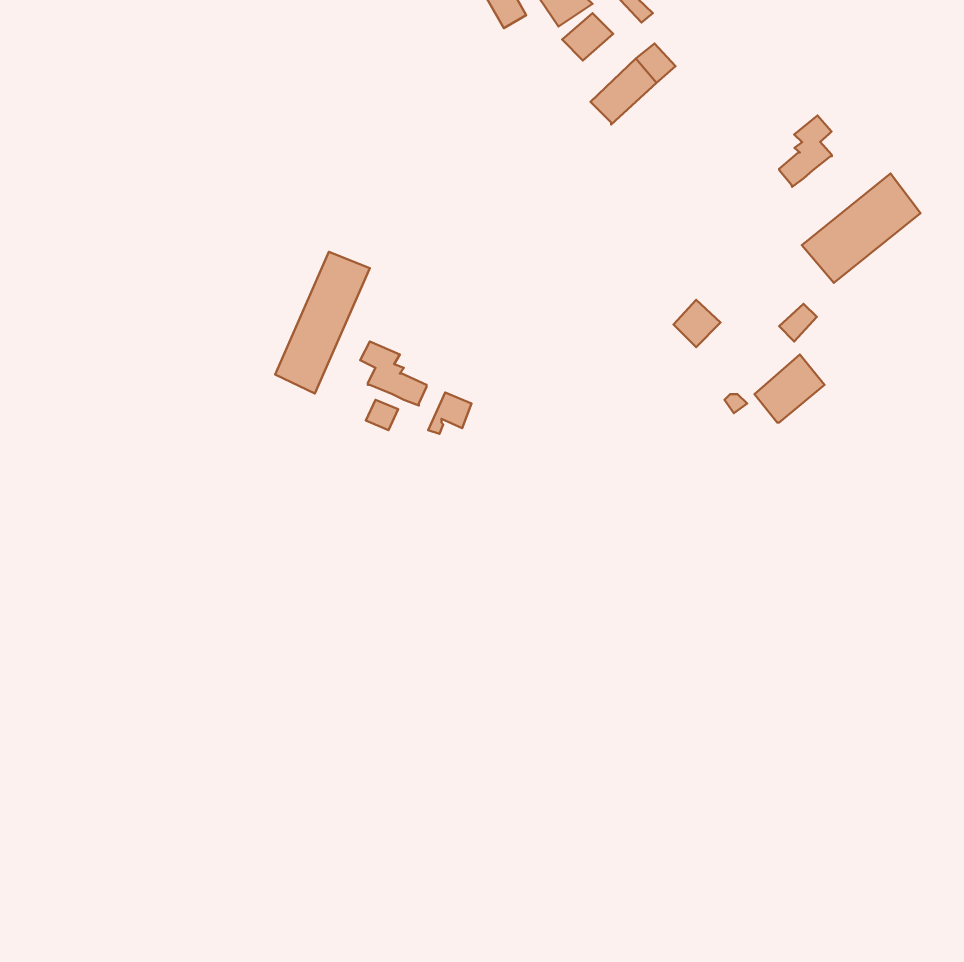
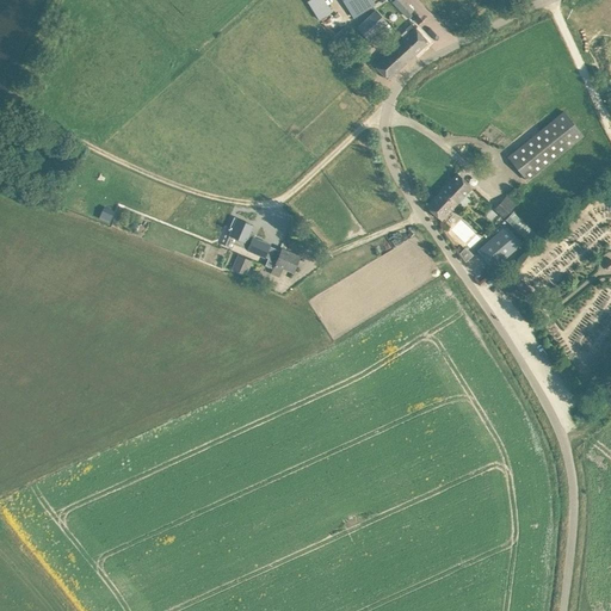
building: [779,116,832,187] -> none
building: [275,252,370,394] -> none
building: none -> [440,172,473,204]

